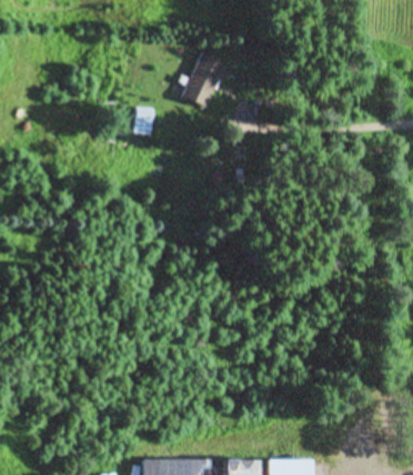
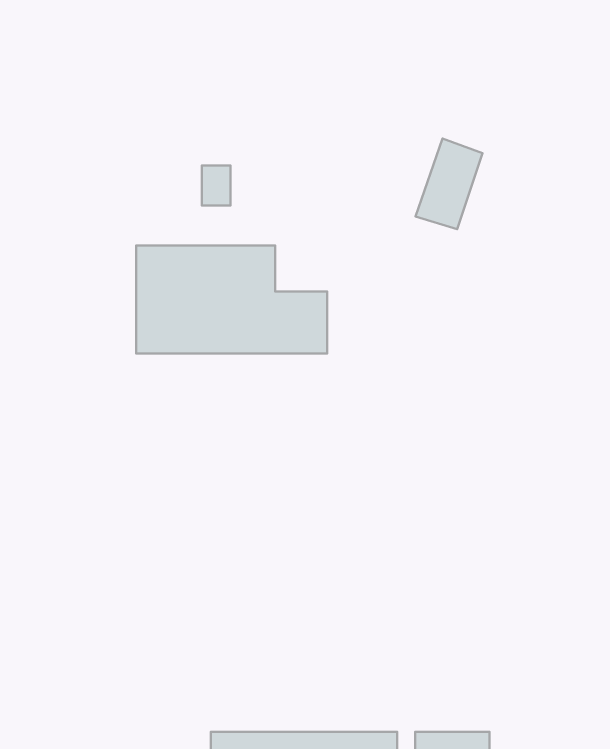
building: [184,53,225,109] -> [415,139,482,229]
building: none -> [136,246,327,354]

